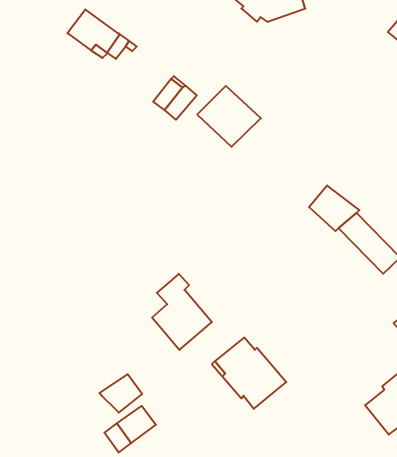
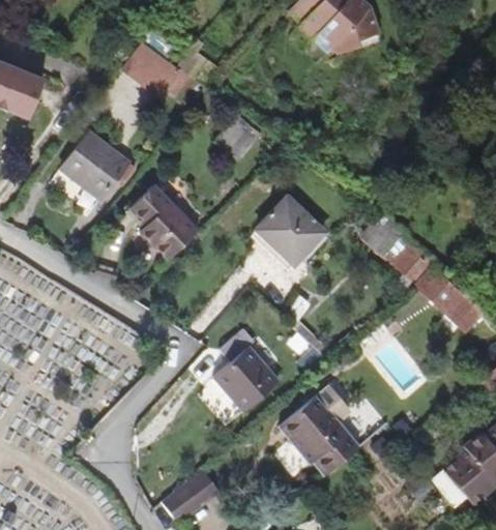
building: [197,86,261,147] -> [257,198,326,264]
building: none -> [62,134,136,199]
building: none -> [130,184,199,258]
building: none -> [362,213,405,256]
building: [99,374,142,413] -> none

